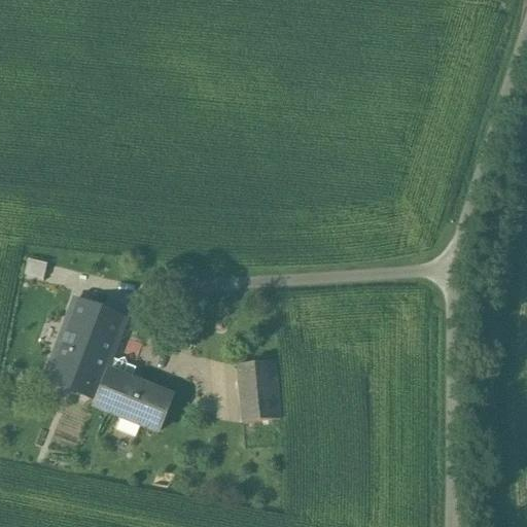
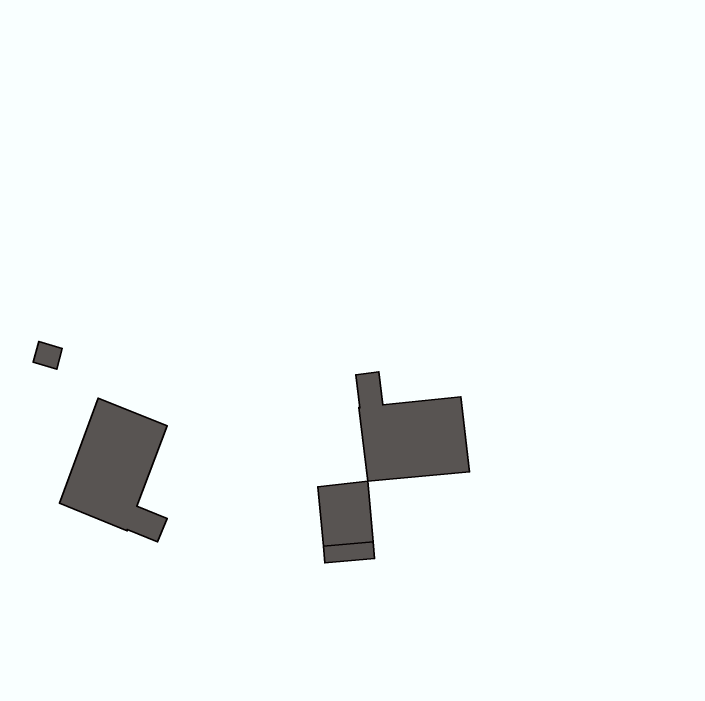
building: none -> [356,372,469,481]
building: [115,377,172,429] -> none

